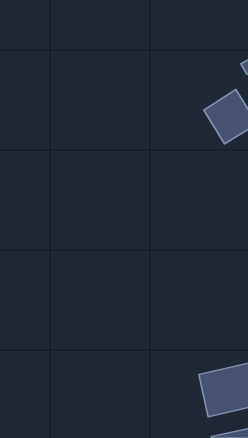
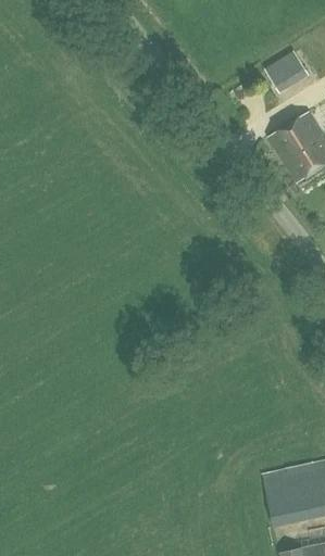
building: none -> [264,52,301,85]

